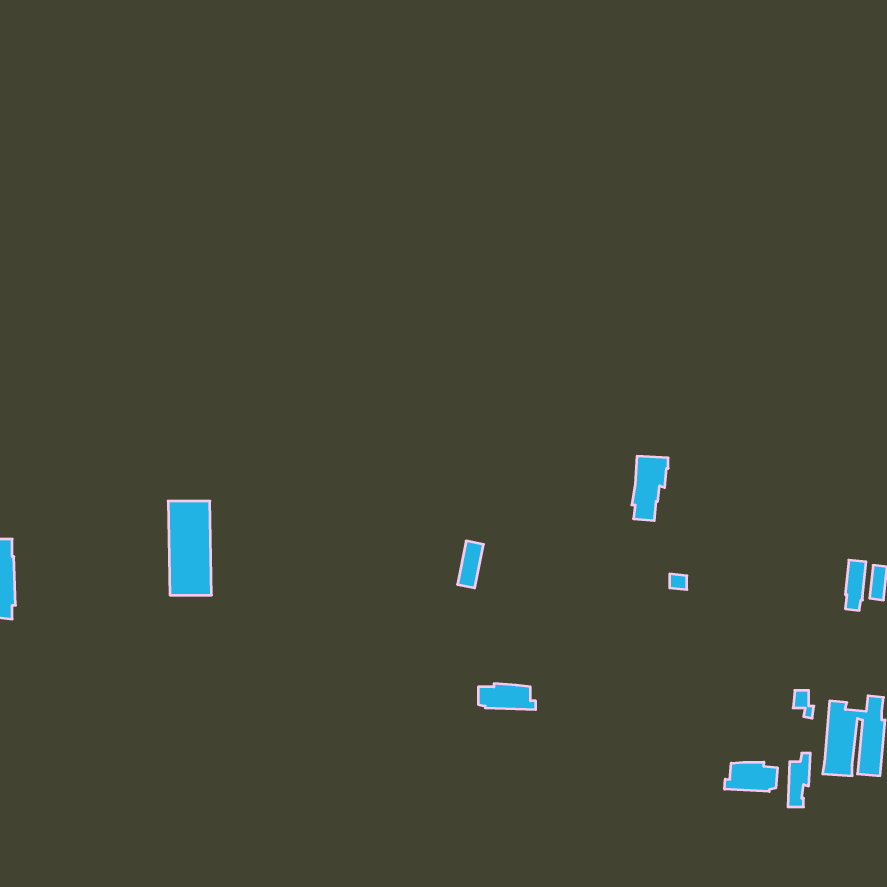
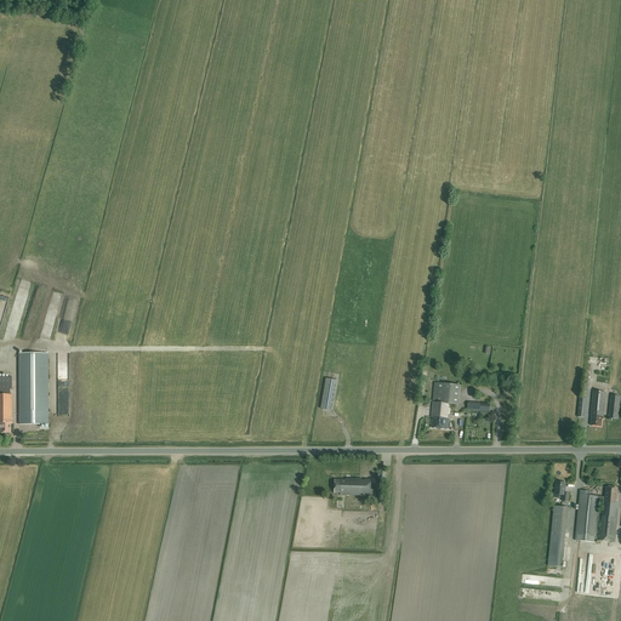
building: [632,456,668,521] -> [429,382,455,427]
building: [168,501,212,595] -> [17,352,47,417]
building: [725,762,777,792] -> none

